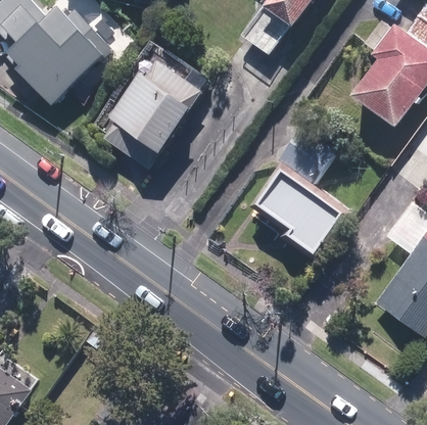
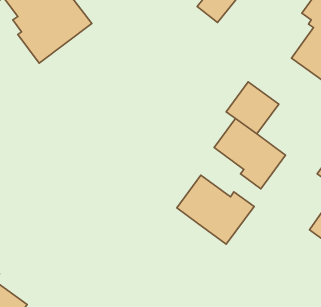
building: [90,48,203,171] -> none
building: none -> [177,175,254,244]

